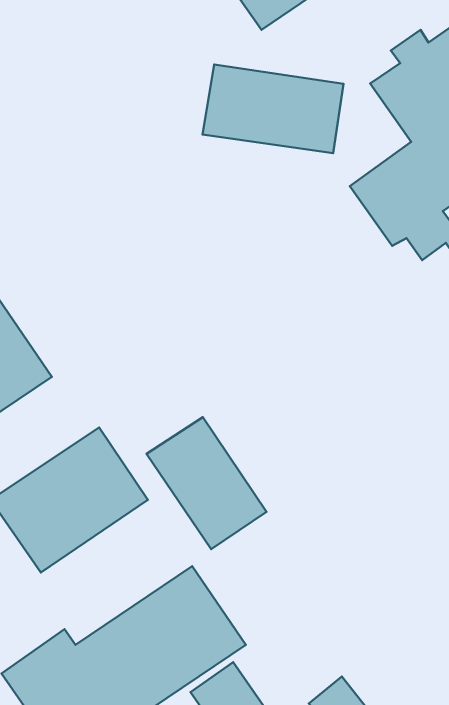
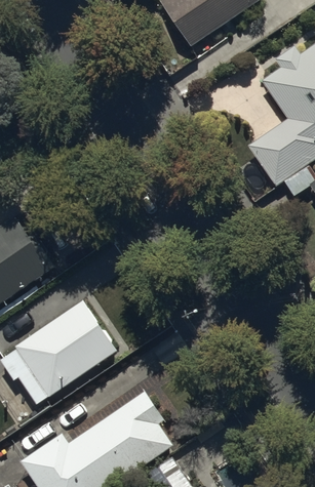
building: [202,64,343,153] -> none
building: [146,417,266,549] -> none

